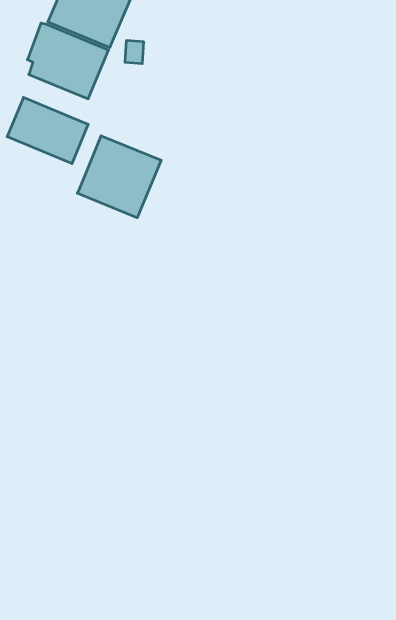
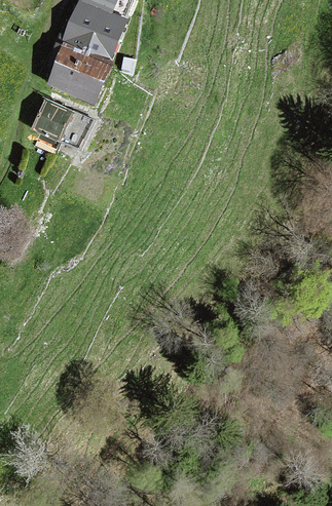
building: [77,136,161,218] -> none

